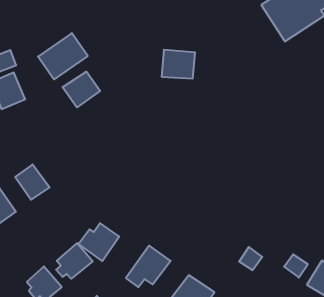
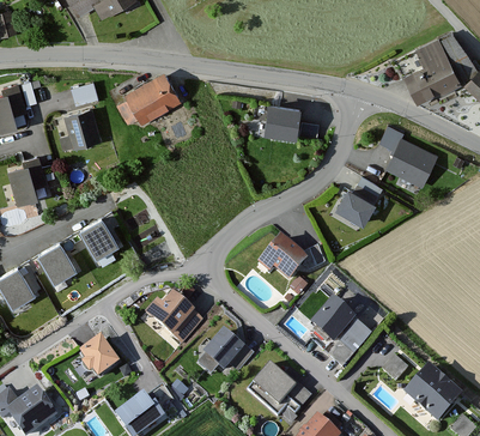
building: none -> [377,125,436,189]
building: [63,72,100,107] -> none
building: none -> [334,176,382,222]
building: none -> [257,238,328,297]
building: none -> [314,297,359,344]
building: [56,243,93,279] -> none

